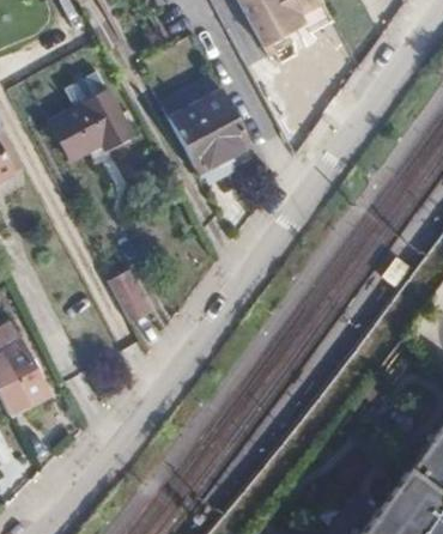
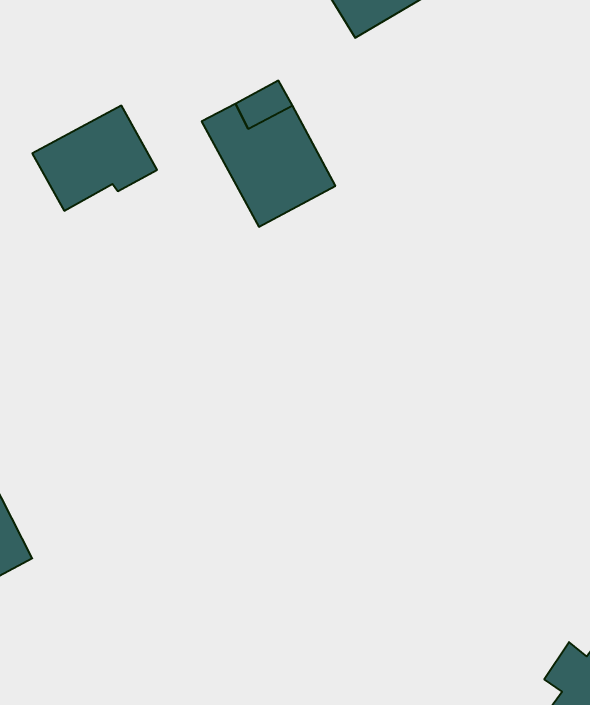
building: [103,269,146,323] -> none

